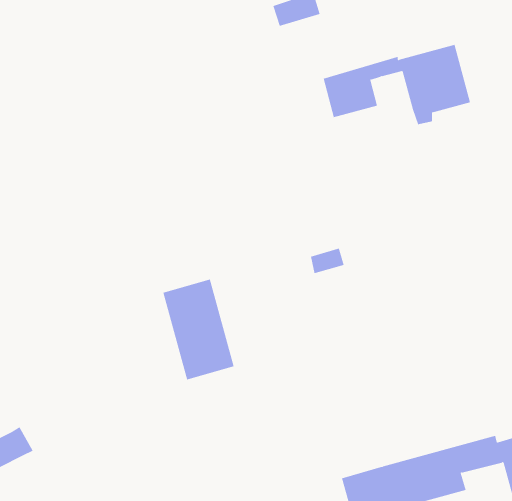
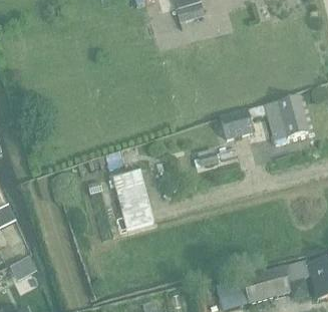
building: [323,44,471,125] -> [221,95,307,142]

